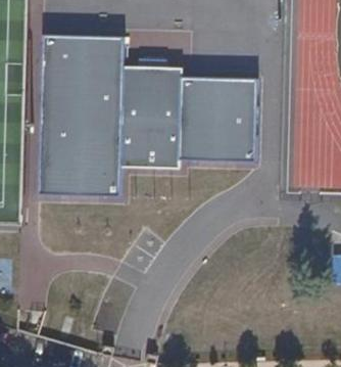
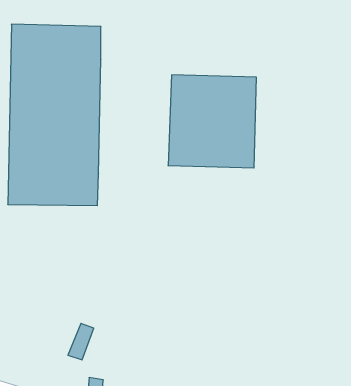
building: [119,65,183,167] -> none

